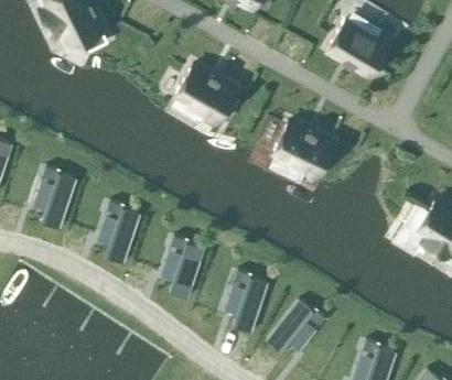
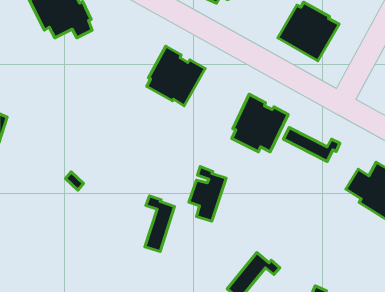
building: none -> [283,128,340,161]
building: [32,165,75,228] -> none
building: [105,199,139,263] -> none
building: [224,269,267,332] -> [189,167,226,221]

